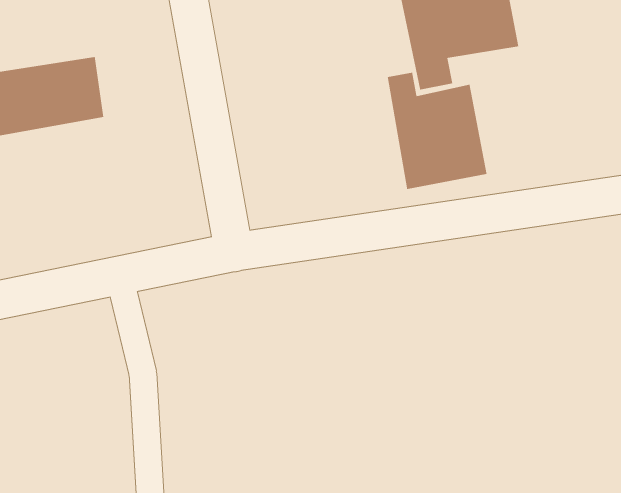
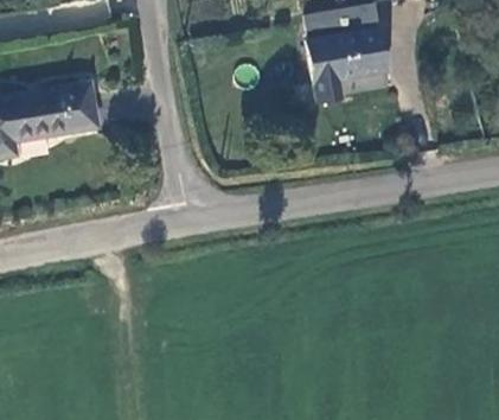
building: [387,72,487,190] -> none

